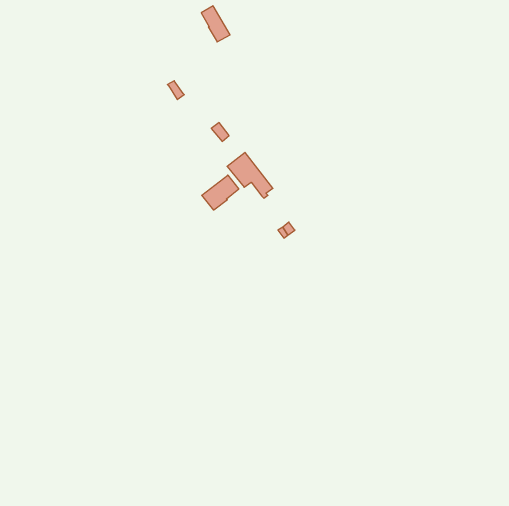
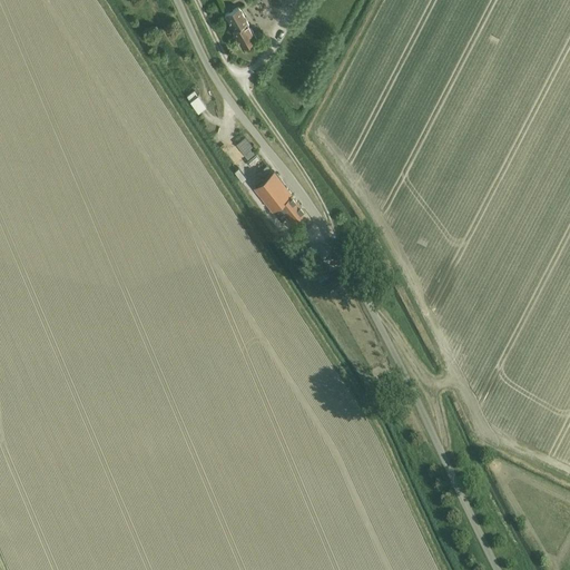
building: [202,175,239,210] -> none

